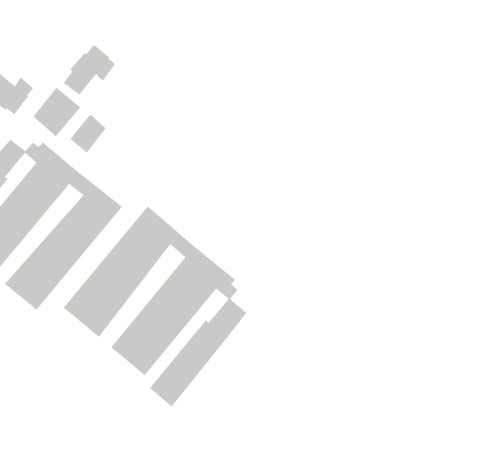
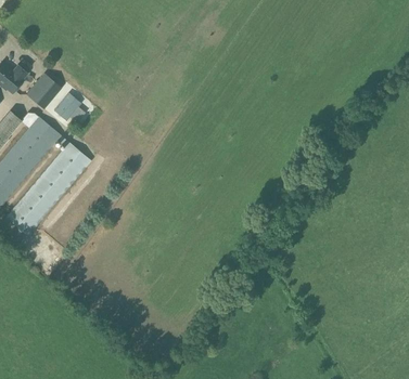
building: [63,44,116,96] -> none
building: [63,205,247,407] -> none

